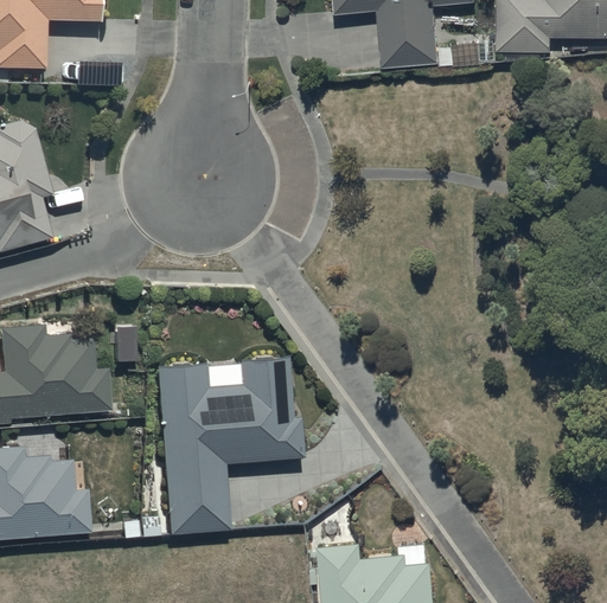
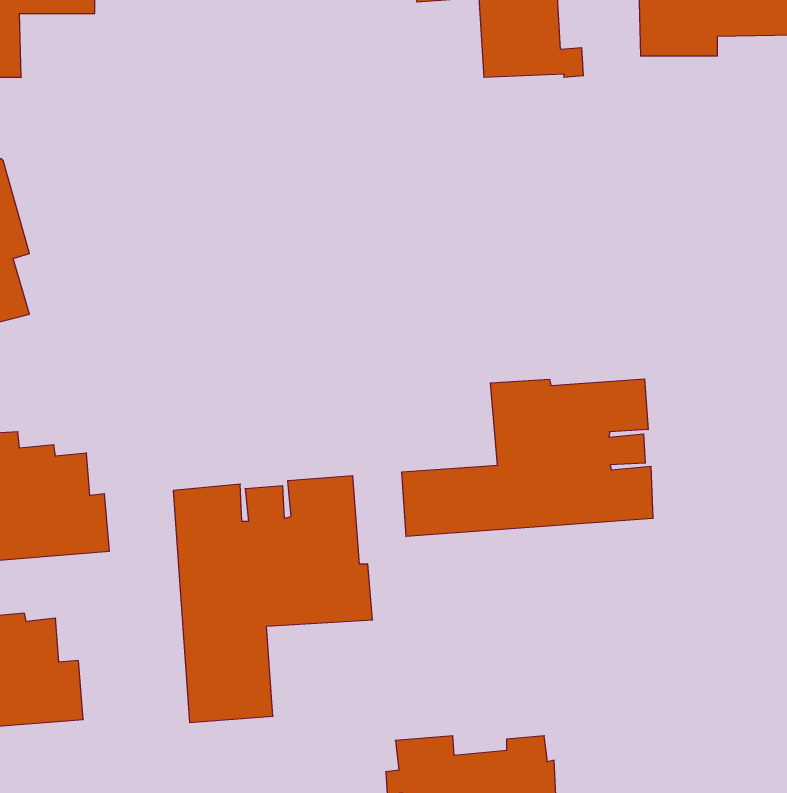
building: none -> [402,379,653,537]

